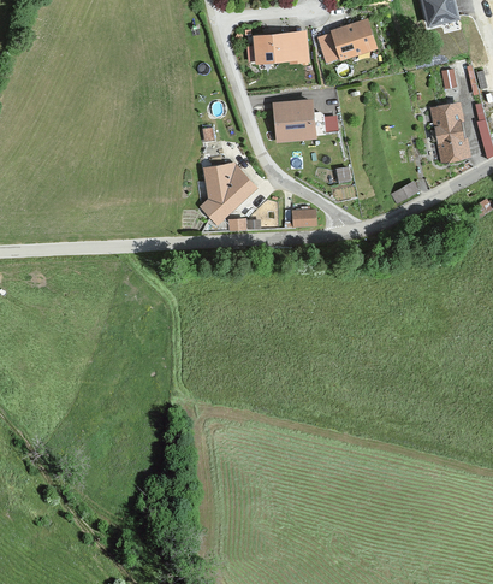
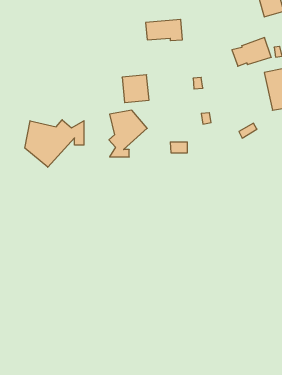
building: [317,18,375,60] -> [232,38,271,66]
building: [273,100,313,141] -> [122,75,149,103]
building: none -> [25,120,84,167]

